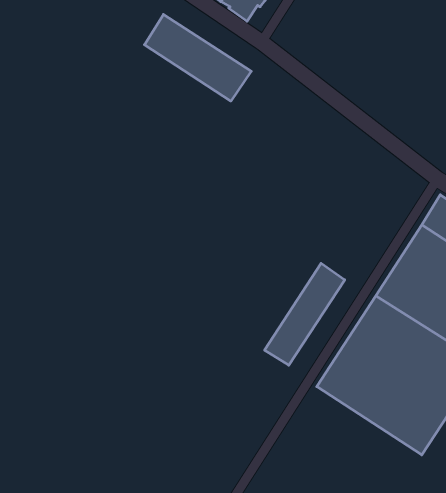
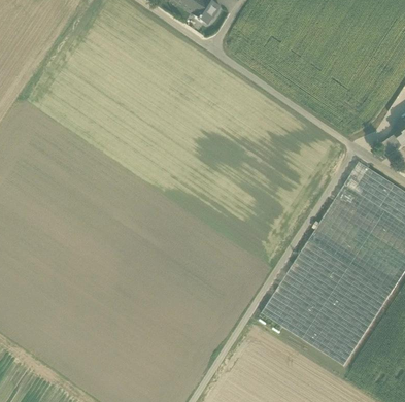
building: [144,14,251,101] -> none
building: [265,263,345,365] -> none

